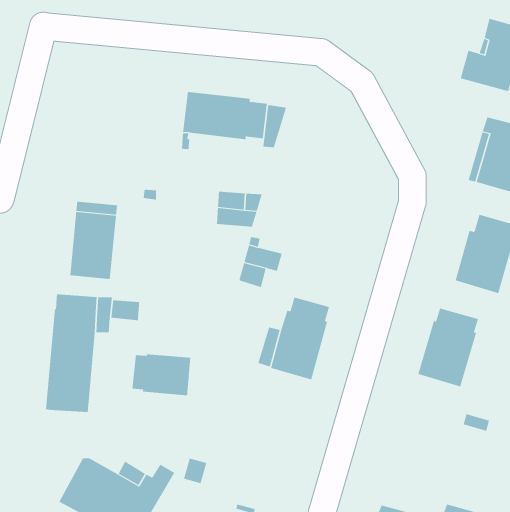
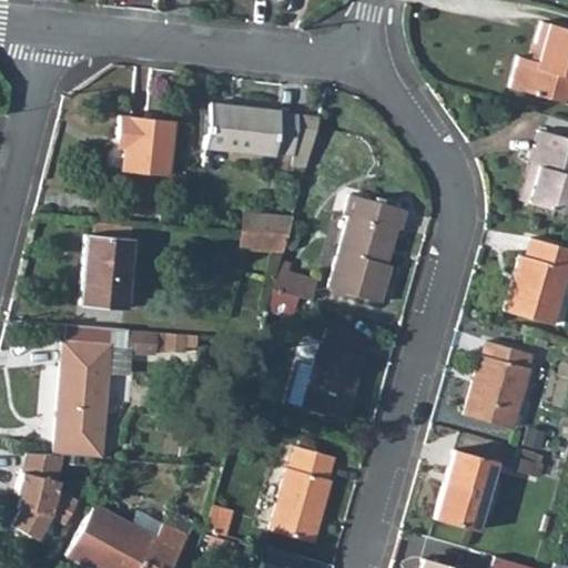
building: none -> [119,116,173,175]
building: none -> [331,195,407,304]
building: [132,353,191,396] -> none
building: none -> [271,447,335,544]
building: none -> [435,450,497,532]
building: none -> [12,453,79,539]

